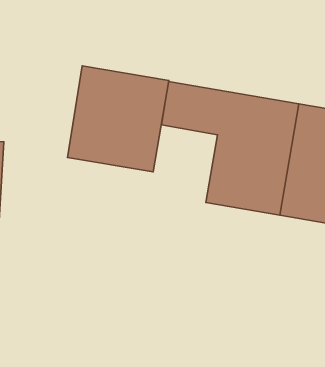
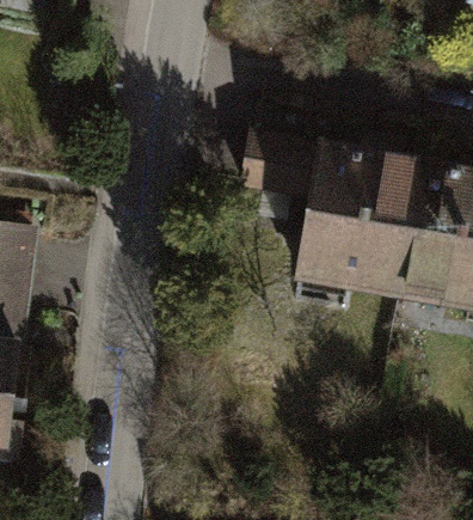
building: [68,66,169,172] -> none

